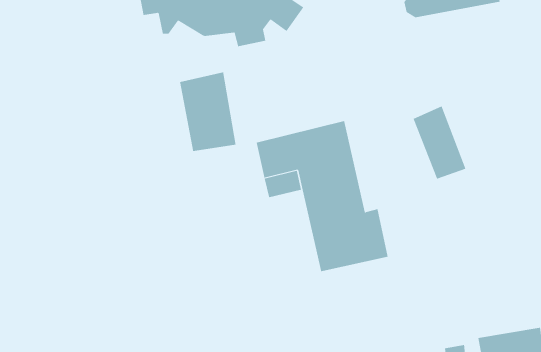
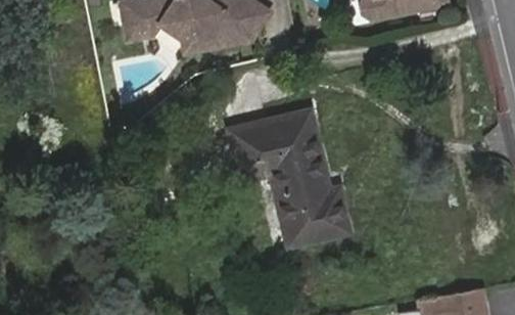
building: [179,72,236,152] -> none
building: [413,105,466,180] -> none

